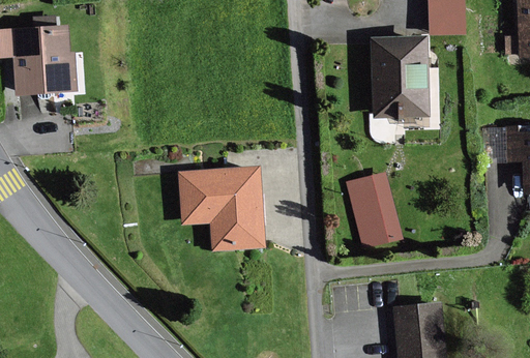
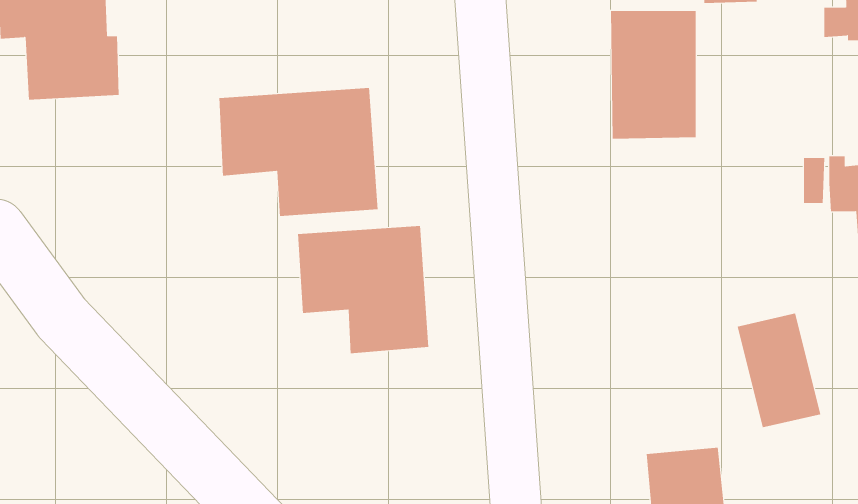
building: none -> [219,87,378,217]
building: [347,174,399,244] -> [737,313,821,428]

